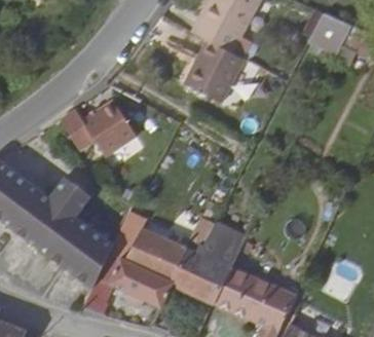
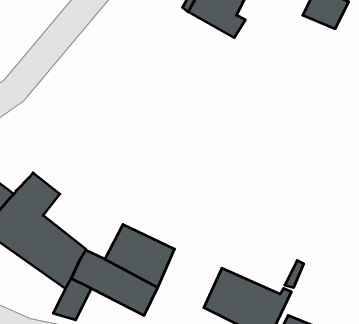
building: [189,39,250,103] -> none
building: [58,98,134,154] -> none
building: [177,221,251,304] -> none

